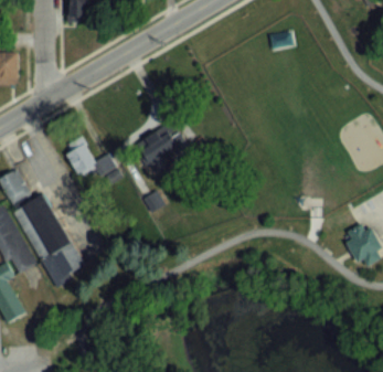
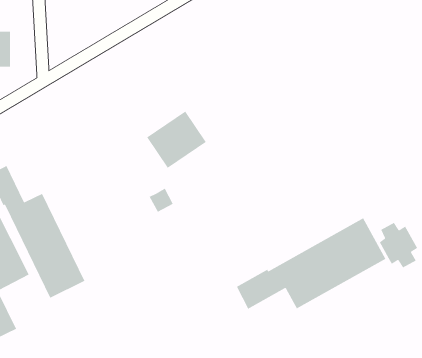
building: [65,138,116,177] -> none
building: none -> [236,217,386,310]

